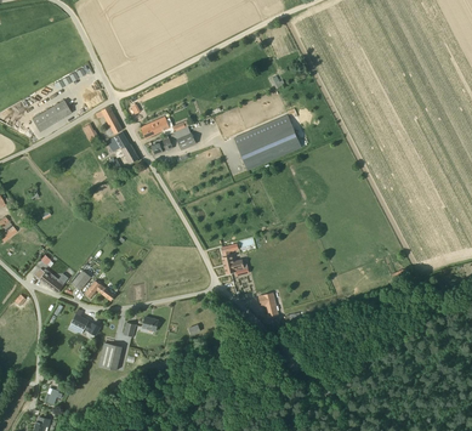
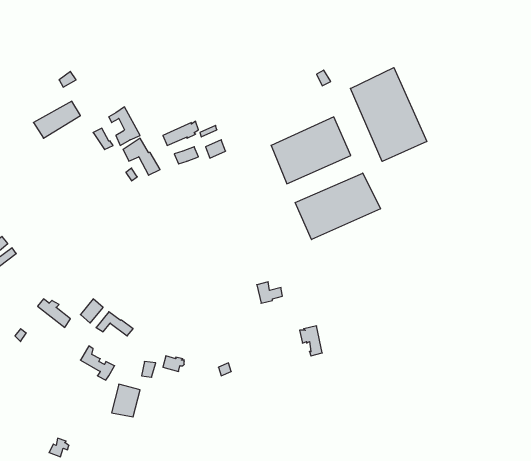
building: none -> [350,68,427,161]
building: none -> [295,173,380,240]

